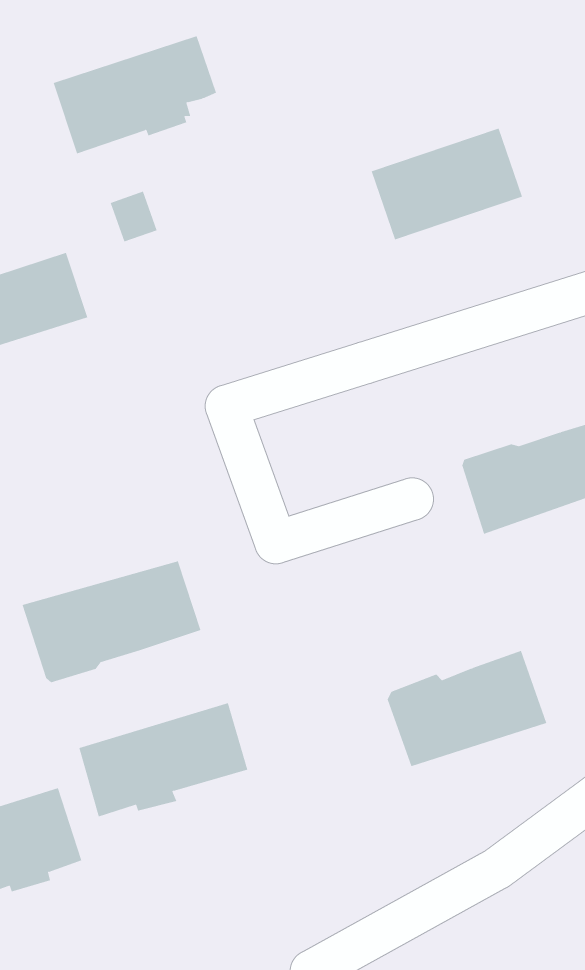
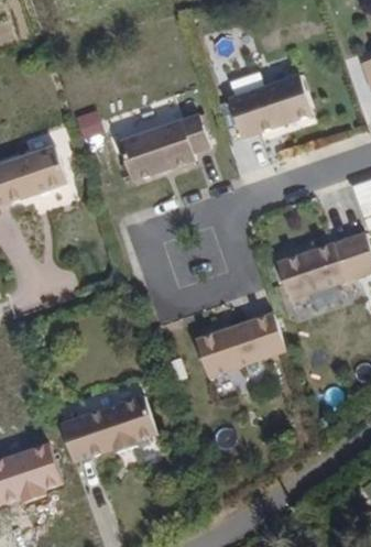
building: [53,36,217,154] -> [114,116,206,182]
building: [22,561,201,683] -> none
building: [387,650,547,767] -> [197,313,286,378]

